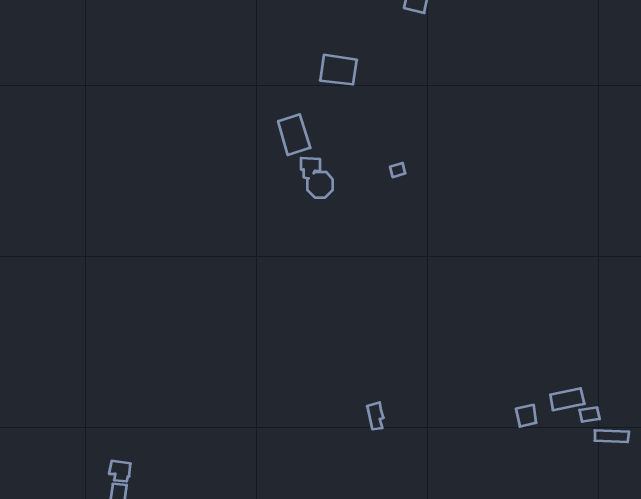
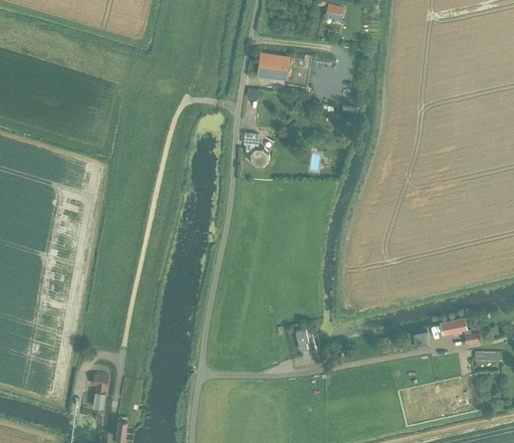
building: [278,114,310,155] -> none

